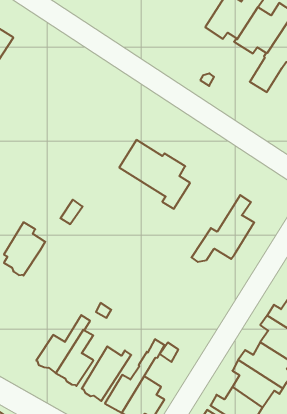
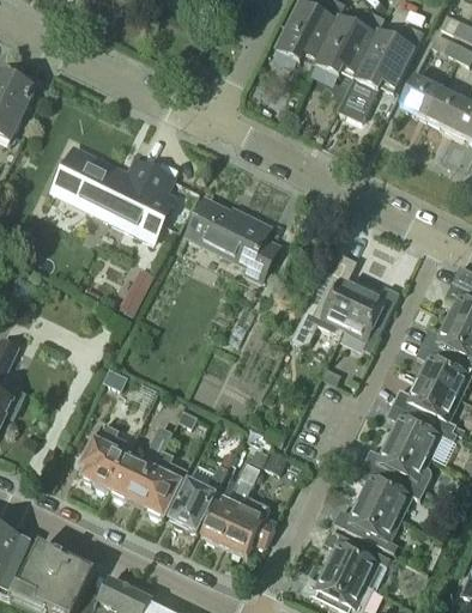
building: none -> [55,150,173,238]
building: [4,222,45,276] -> [81,421,132,488]
building: none -> [344,284,399,351]

